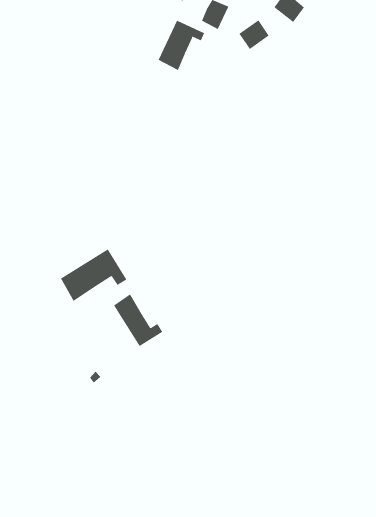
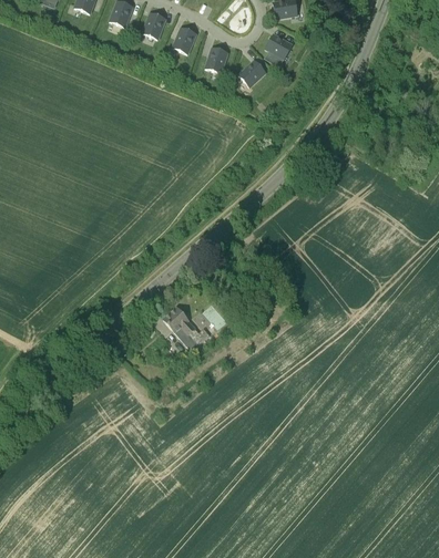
building: [158,20,205,71] -> none
building: [60,249,127,302] -> none

